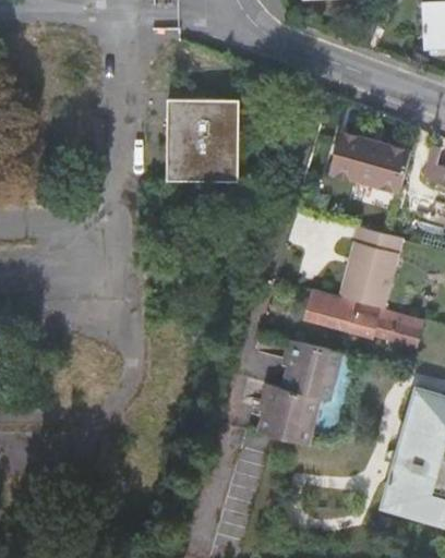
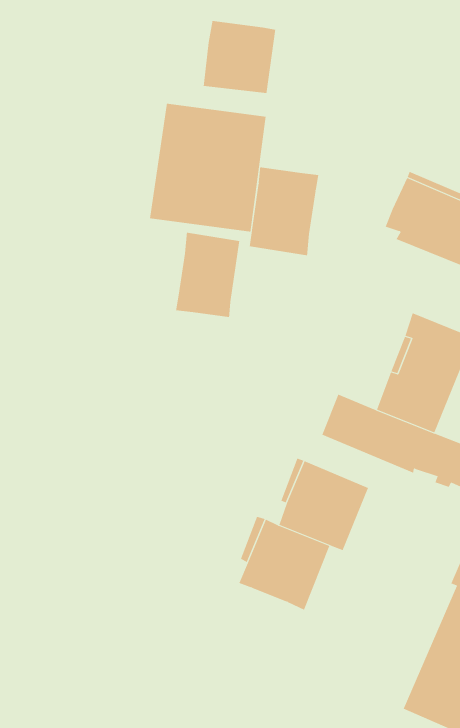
building: none -> [203,20,276,94]
building: none -> [249,167,319,256]
building: none -> [176,232,240,318]

